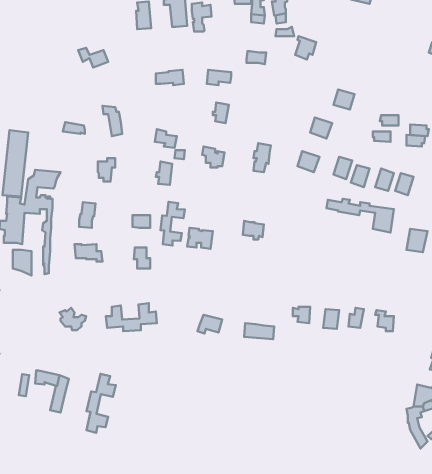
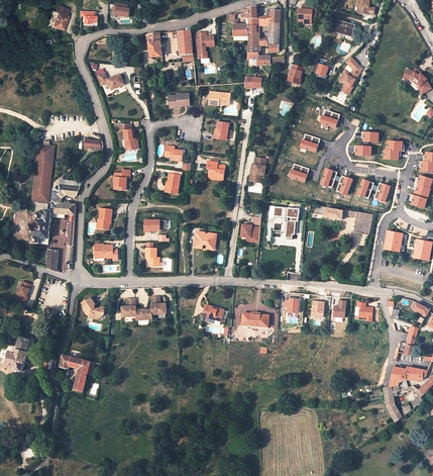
building: none -> [338,57,361,94]
building: none -> [275,206,300,237]
building: [160,202,185,246] -> none
building: [86,374,116,433] -> none

